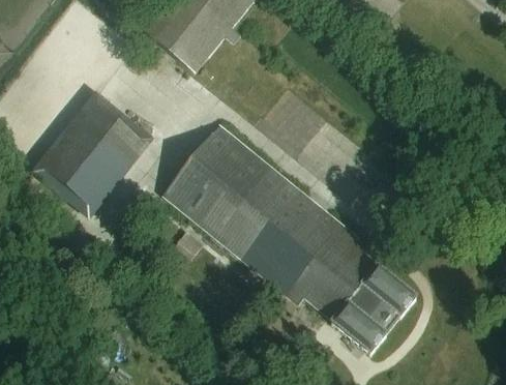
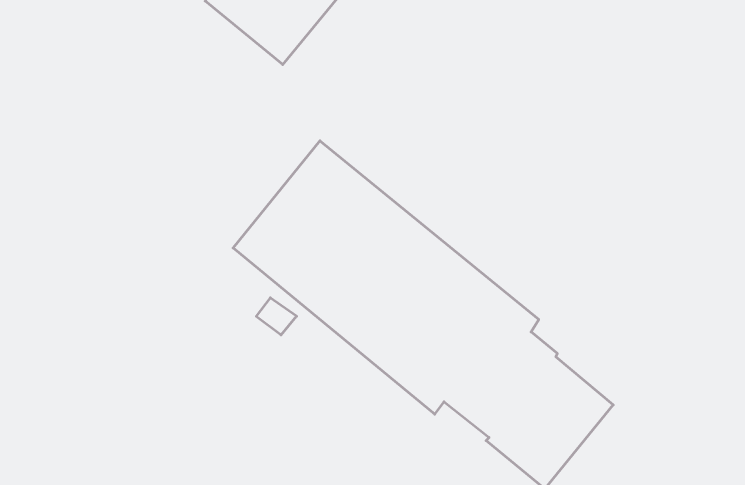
building: [31,87,154,215] -> none

